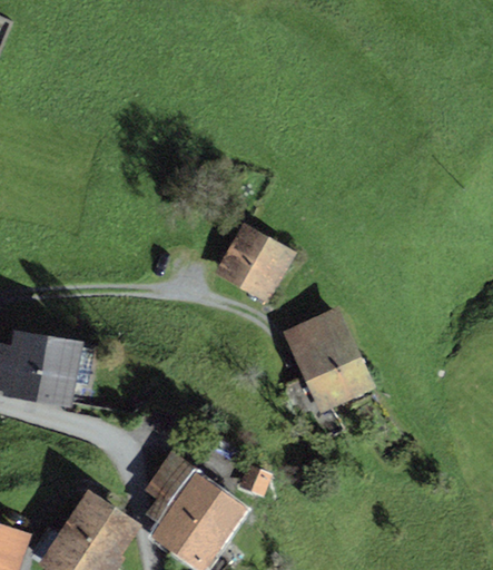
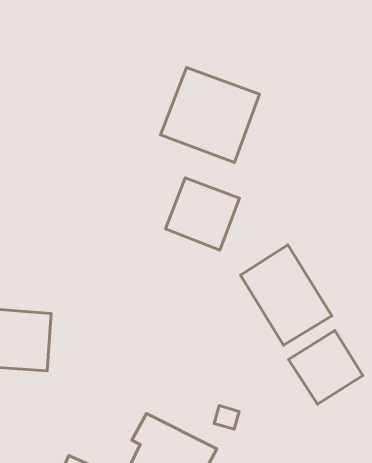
building: none -> [161,68,259,163]
building: none -> [289,331,363,404]

